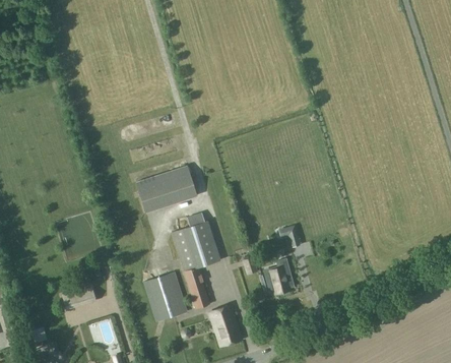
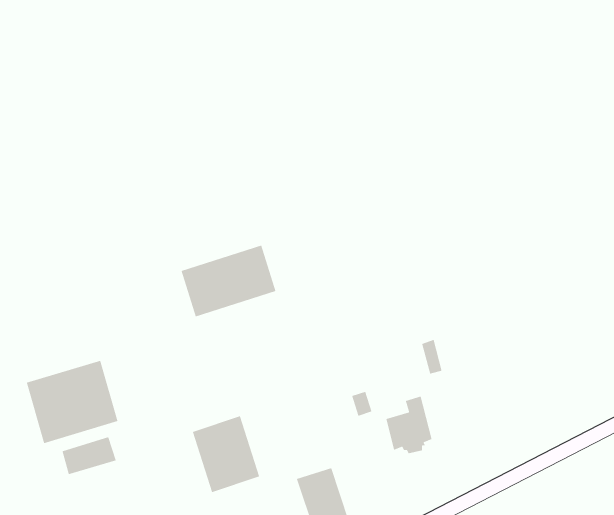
building: [172,213,219,308] -> none
building: none -> [26,360,118,444]

